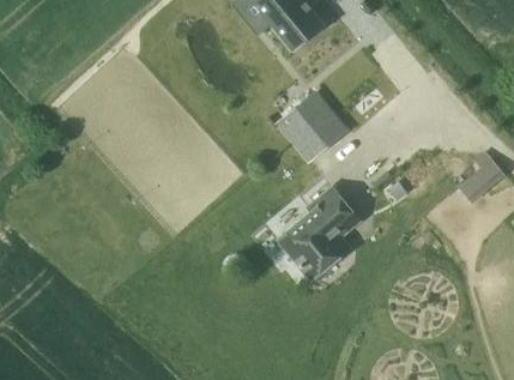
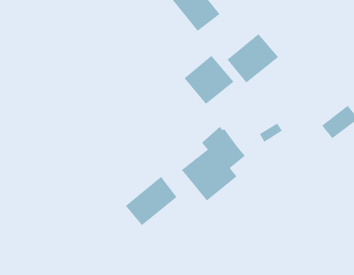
building: none -> [226,33,279,84]
building: none -> [125,176,178,226]

